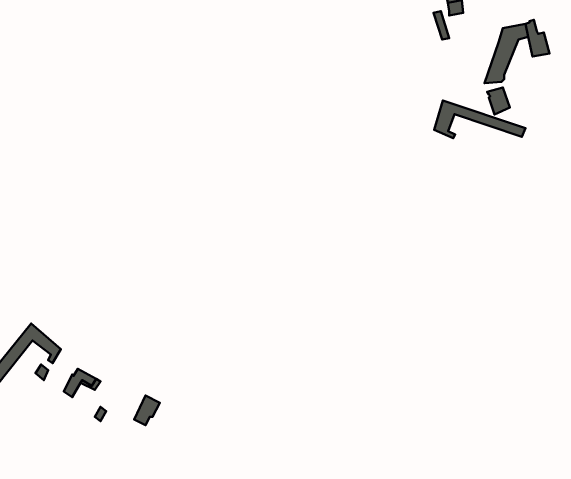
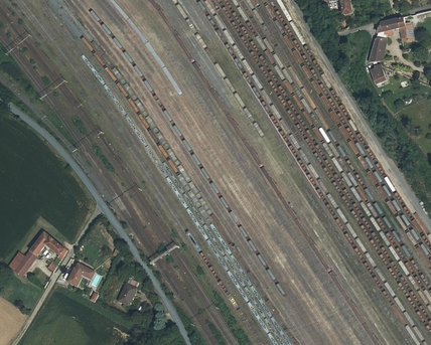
building: [434,101,526,138] -> none

